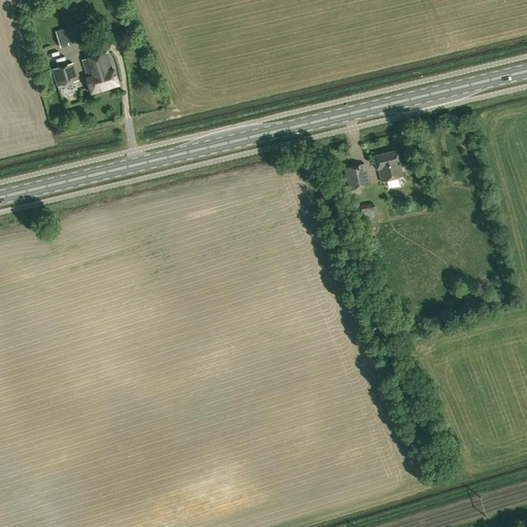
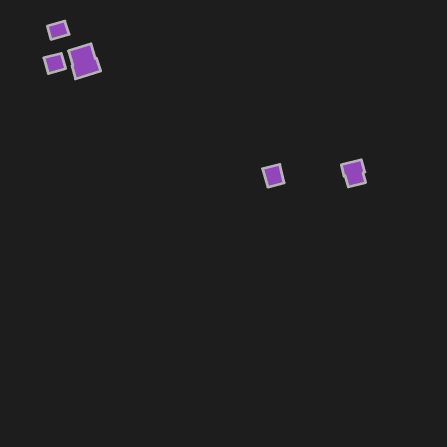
building: [373,149,401,181] -> [341,160,366,187]
building: [343,163,368,189] -> [262,164,284,187]

